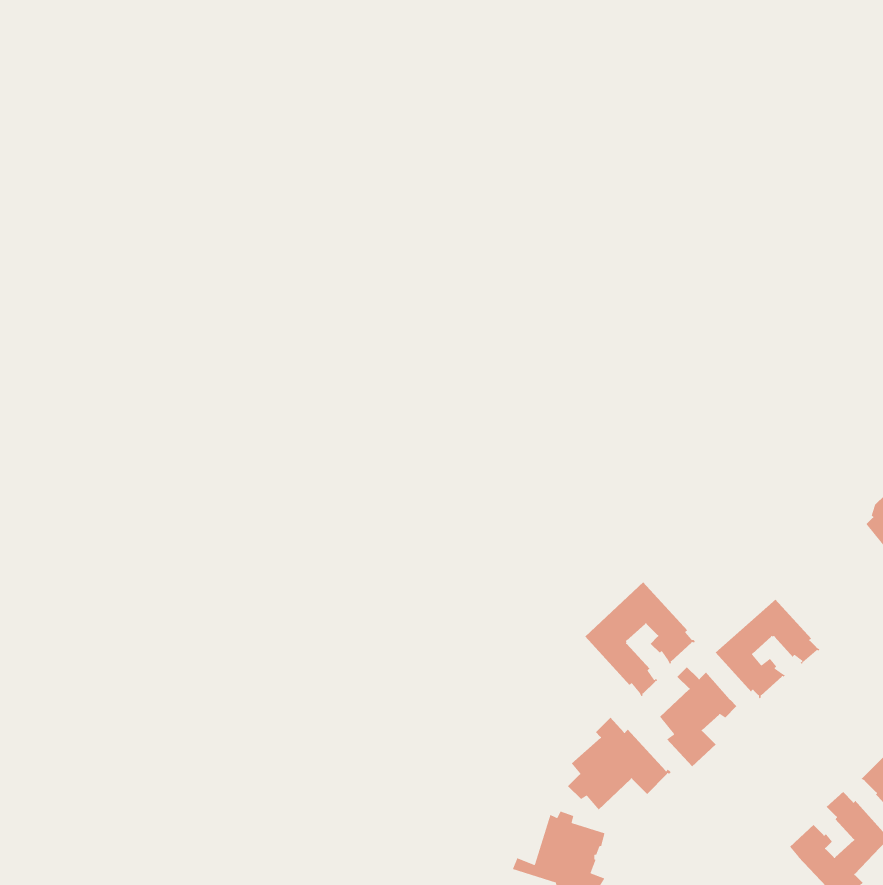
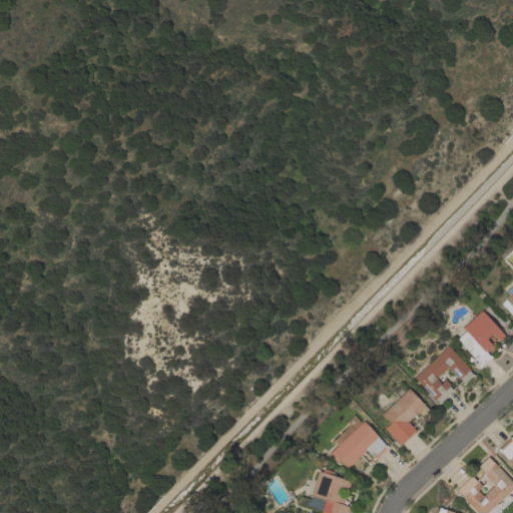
building: none -> [458,311,506,368]
building: [584,581,696,698] -> none

